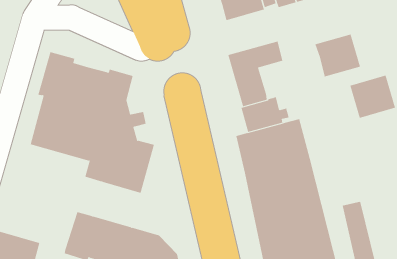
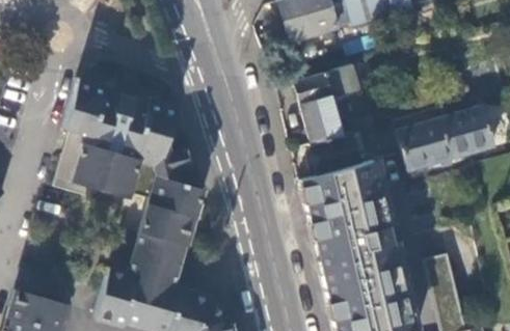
building: [315,34,361,77] -> [393,117,448,169]
building: none -> [130,232,188,286]

